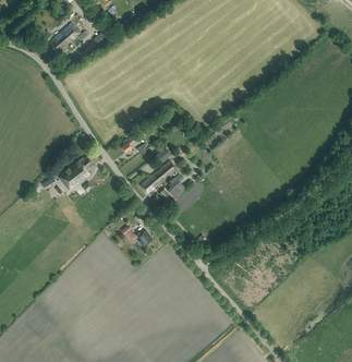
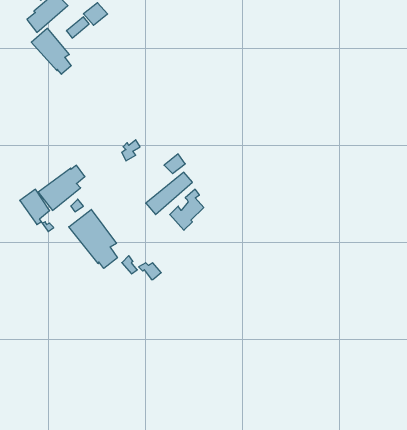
building: none -> [31,28,71,74]
building: none -> [69,209,117,268]

